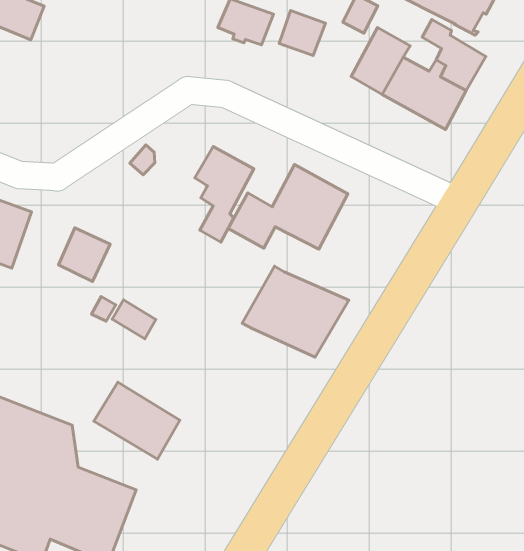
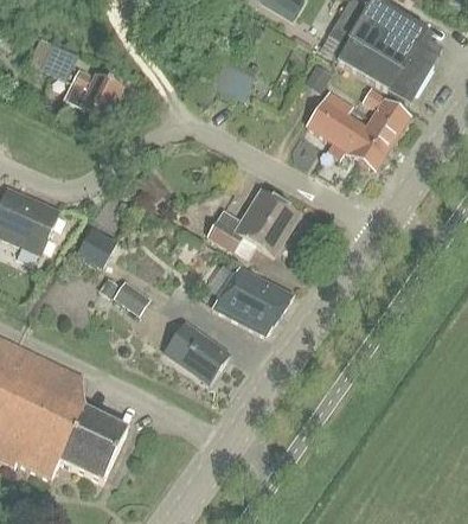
building: [279,10,326,55] -> none
building: none -> [64,69,123,120]
building: [195,147,254,242] -> none
building: [94,382,180,459] -> [165,322,230,383]

